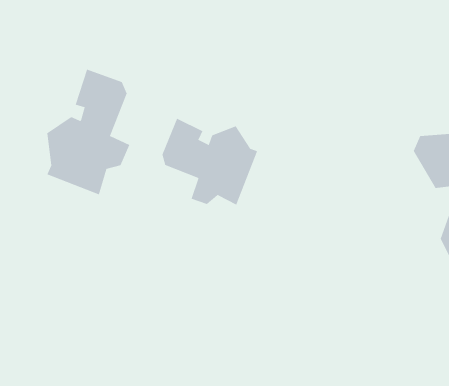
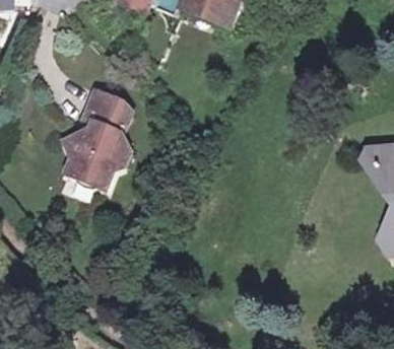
building: [162,118,258,205] -> none

